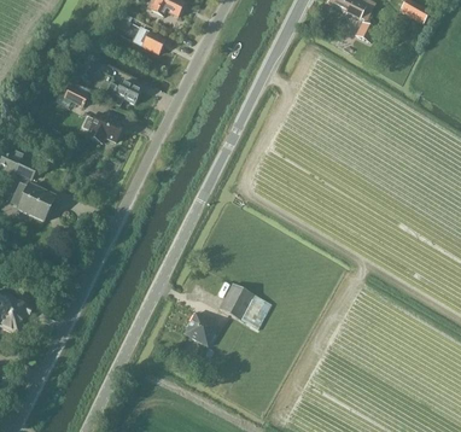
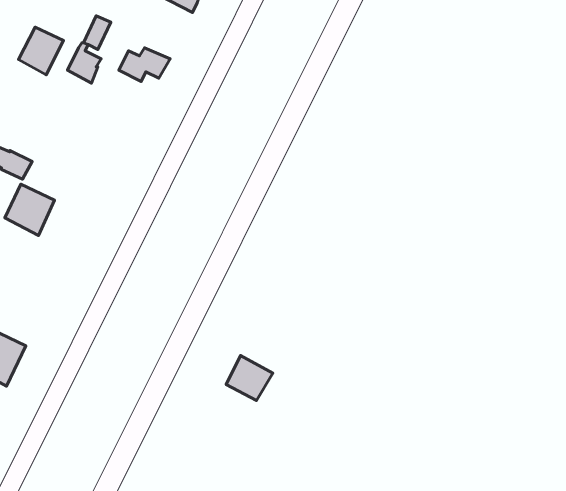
building: none -> [18,27,64,75]
building: [87,112,123,144] -> none
building: [218,284,264,326] -> none

